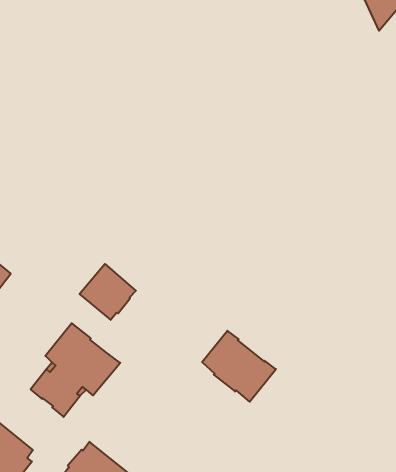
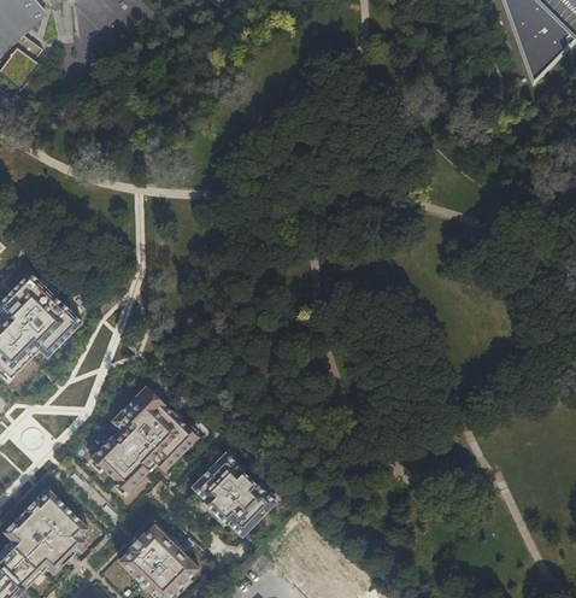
building: [80,264,136,320] -> none
building: [202,331,276,402] -> [190,452,275,537]

